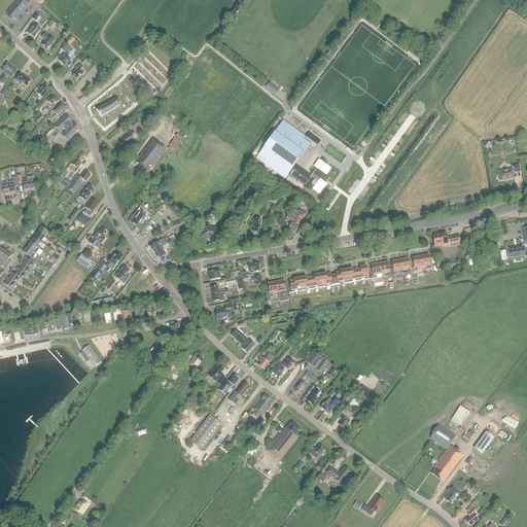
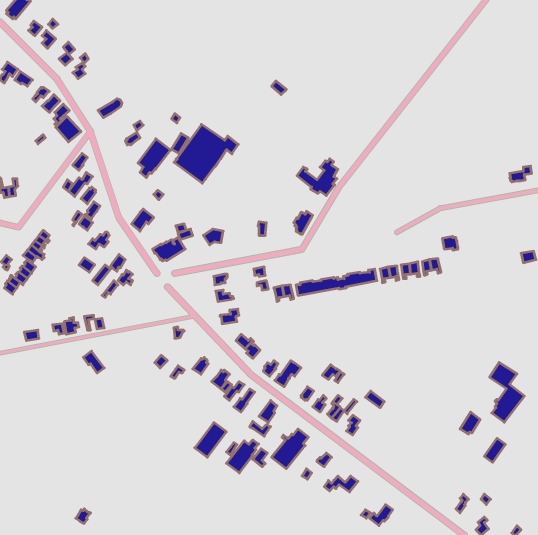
building: [256,119,319,177] -> [174,124,238,183]
building: [429,422,463,481] -> [490,362,524,422]
building: none -> [226,440,259,473]

